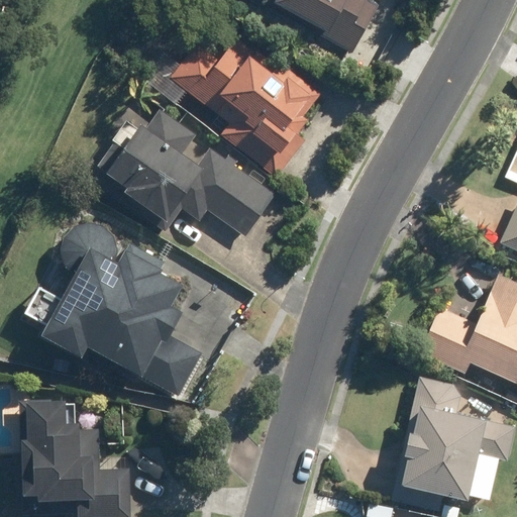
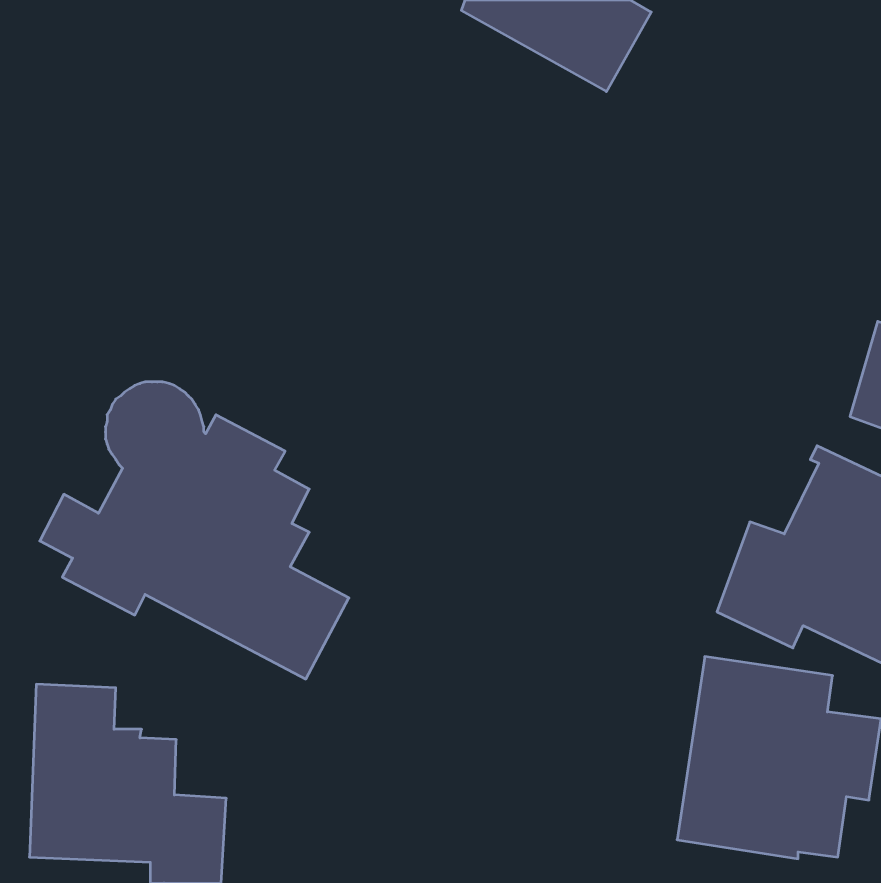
building: [170,33,321,179] -> none
building: [98,114,277,235] -> none

